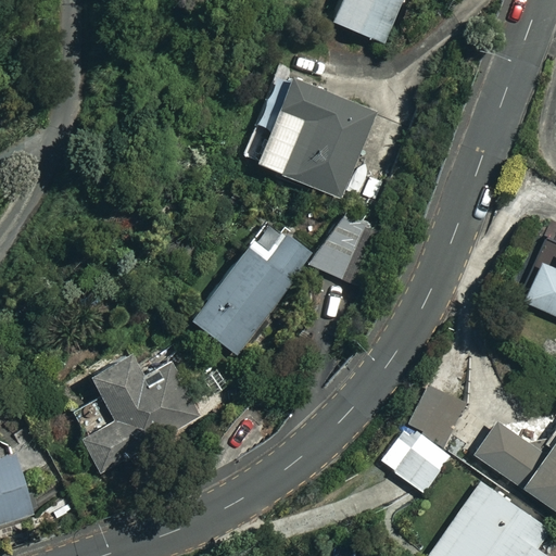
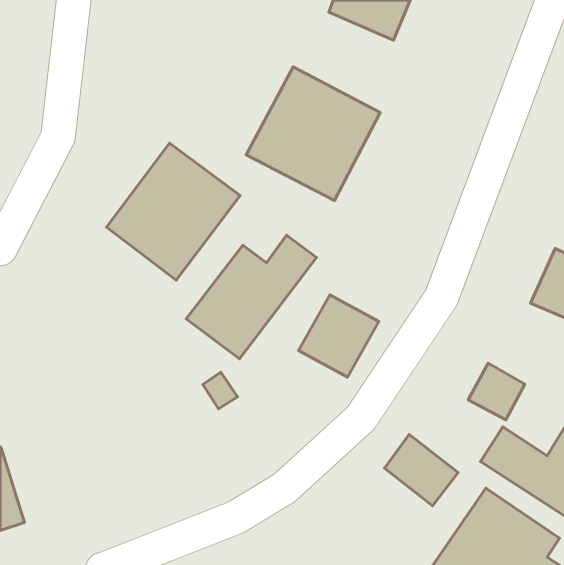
building: none -> [106,143,240,280]
building: [312,208,390,289] -> [299,295,379,377]
building: [79,345,201,477] -> none
building: [413,388,468,443] -> [468,363,525,420]

